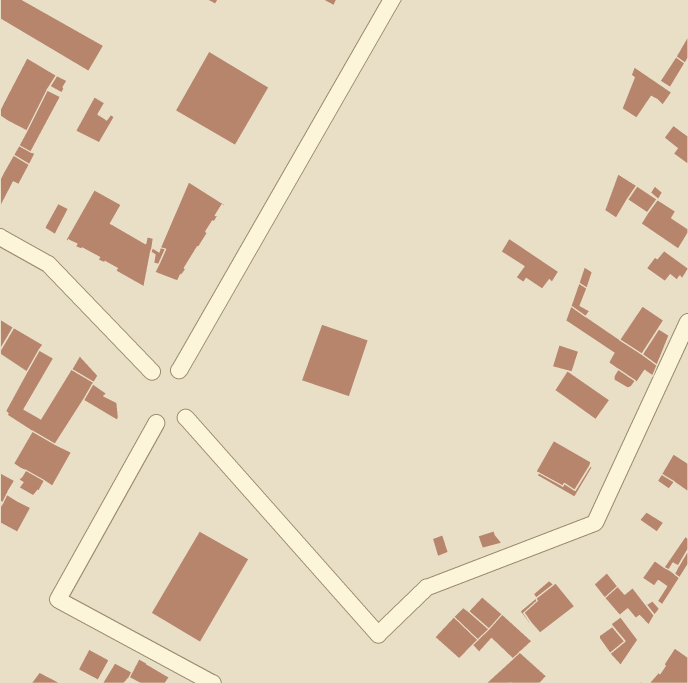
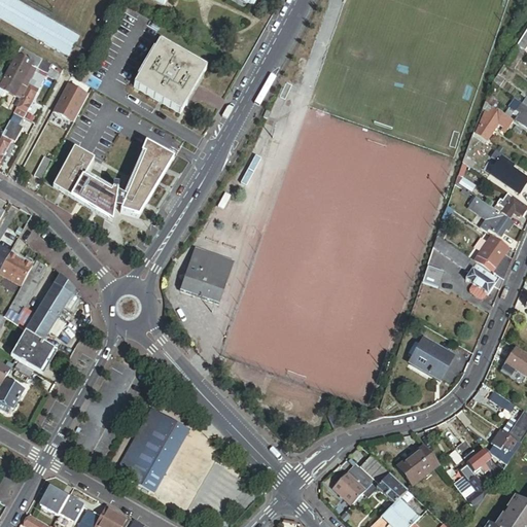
building: [622,67,672,118] -> [476,100,514,139]
building: [501,238,559,289] -> [468,196,513,235]
building: [301,324,368,397] -> [181,247,233,303]
building: [554,371,610,420] -> none
building: none -> [40,486,68,514]

